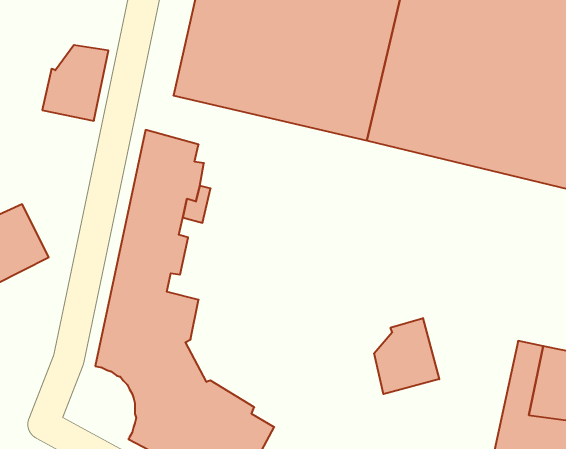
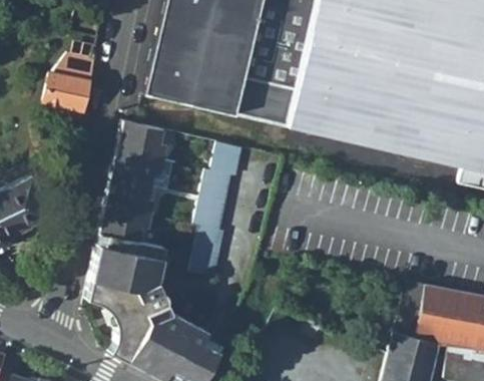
building: none -> [191,141,245,277]
building: [374,318,439,394] -> none

